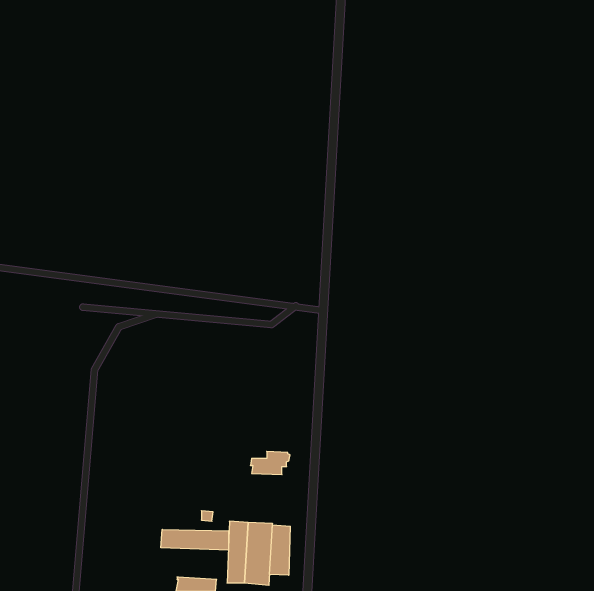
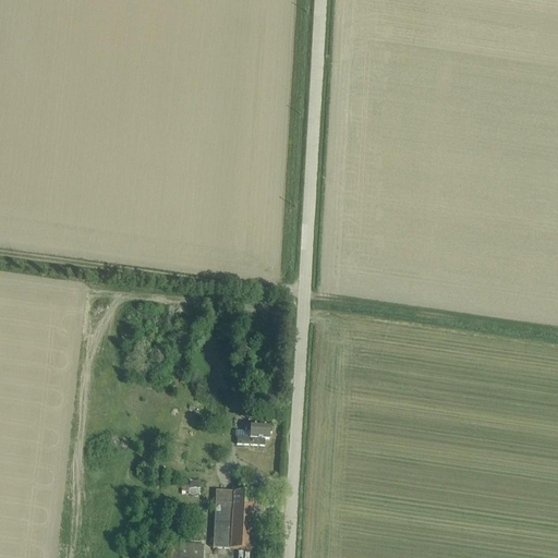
building: [270,525,290,575] -> none
building: [161,529,229,550] -> none

